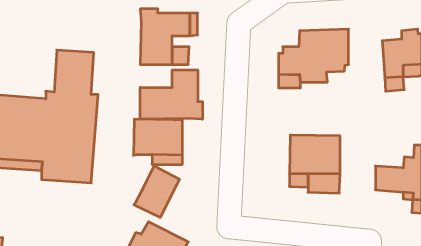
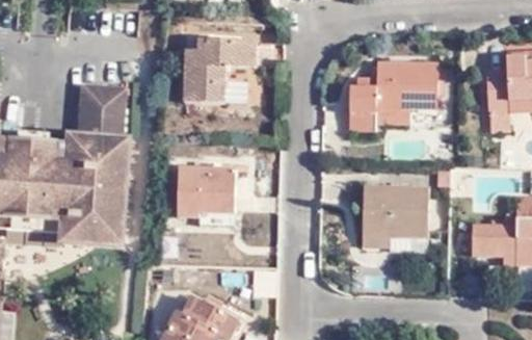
building: [140,70,202,119] -> none
building: [134,166,179,217] -> none

